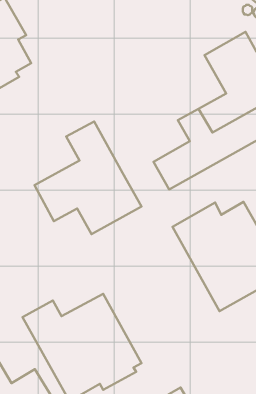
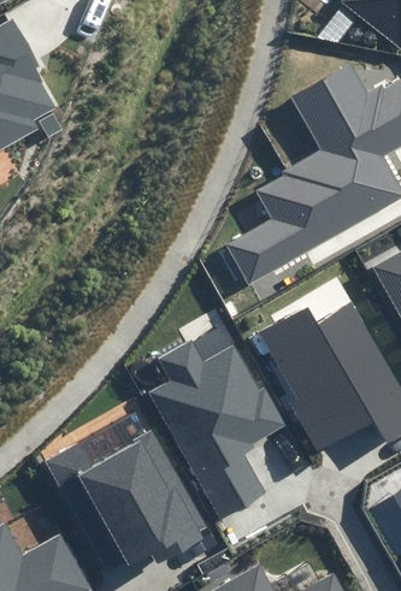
building: [35,122,142,234] -> none
building: none -> [148,343,287,520]

